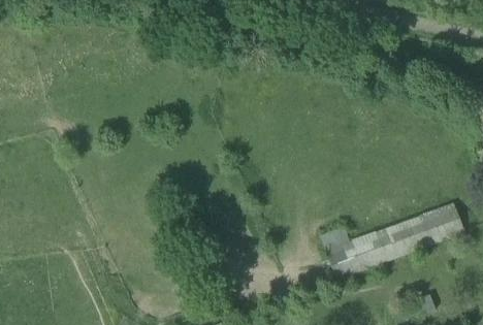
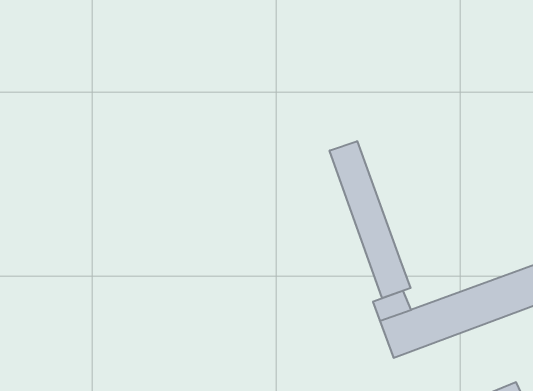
building: none -> [330,141,411,298]

